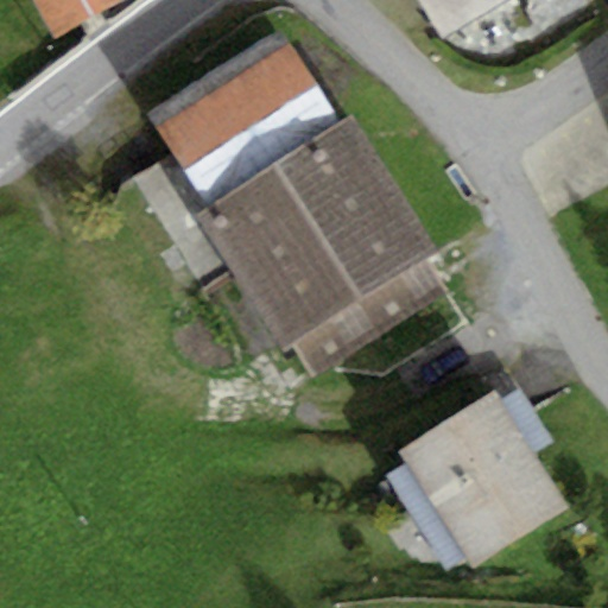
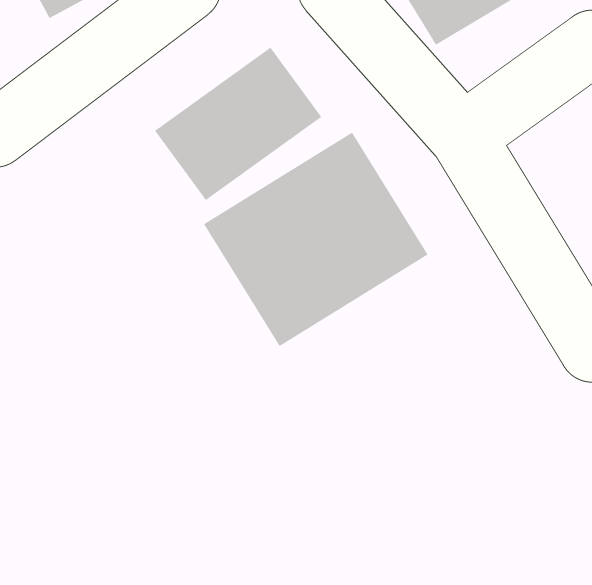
building: [398,376,564,552] -> none

